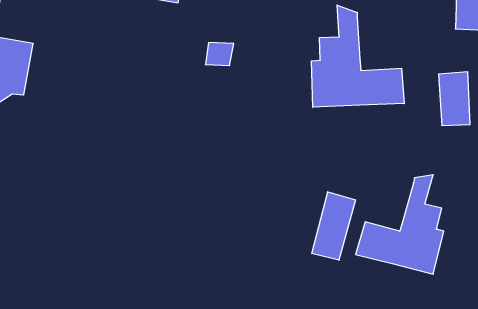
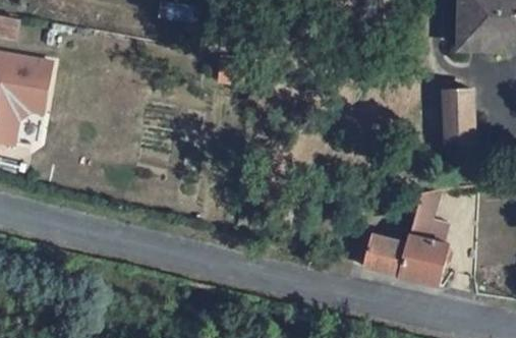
building: [312,5,404,107] -> none
building: [312,192,355,260] -> none

